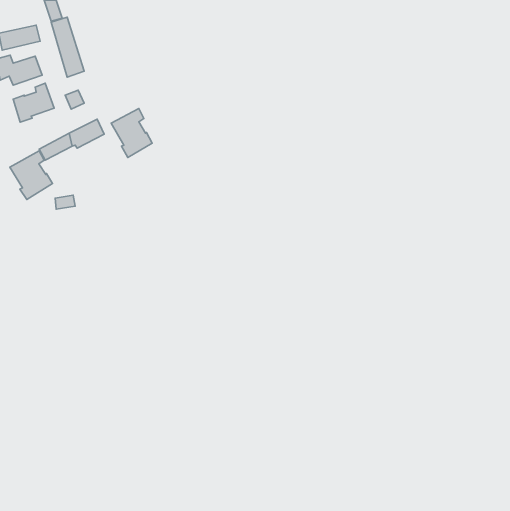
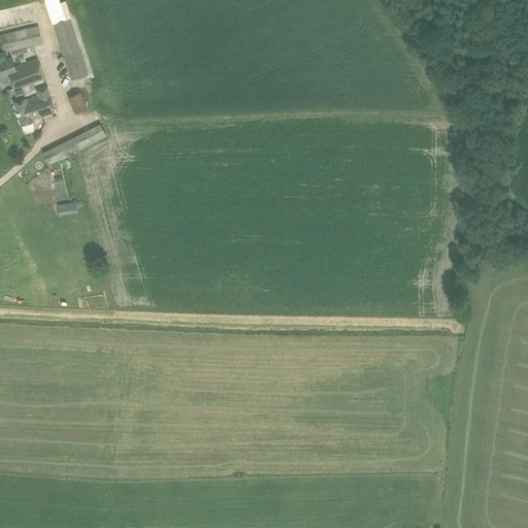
building: [111,108,152,158] -> none
building: [10,151,52,200] -> none

